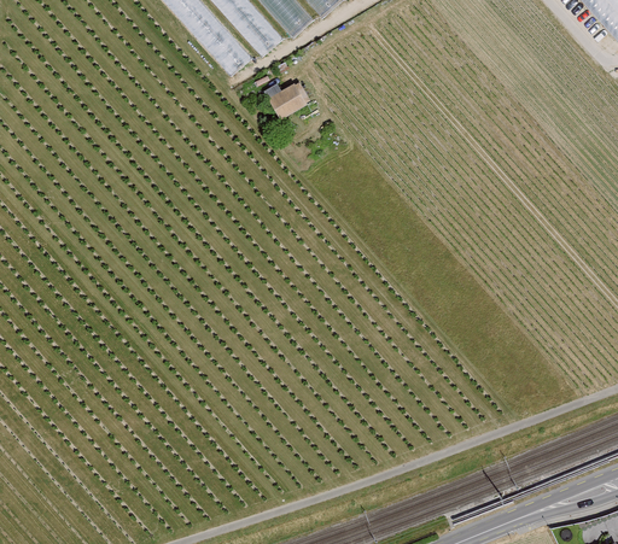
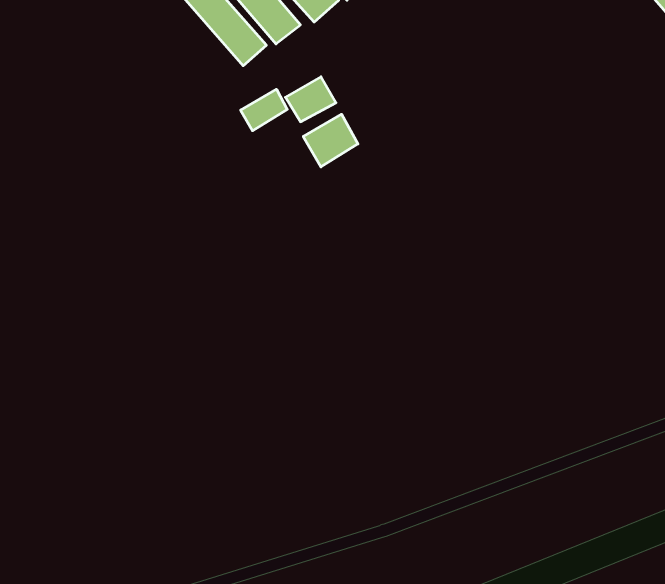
building: none -> [241,89,287,131]
building: none -> [303,114,358,167]

